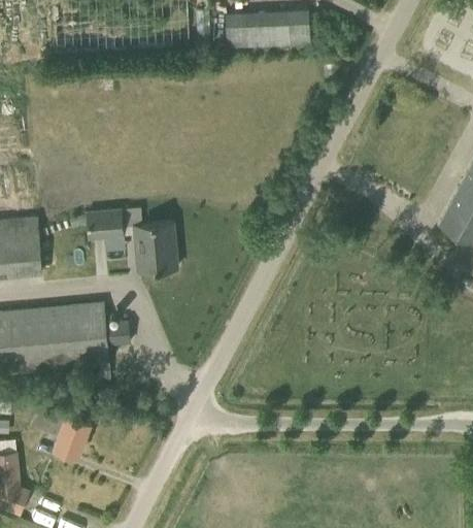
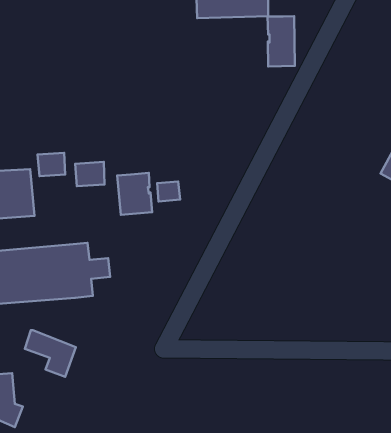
building: none -> [267,16,295,66]
building: none -> [38,153,65,176]
building: none -> [157,181,180,201]

